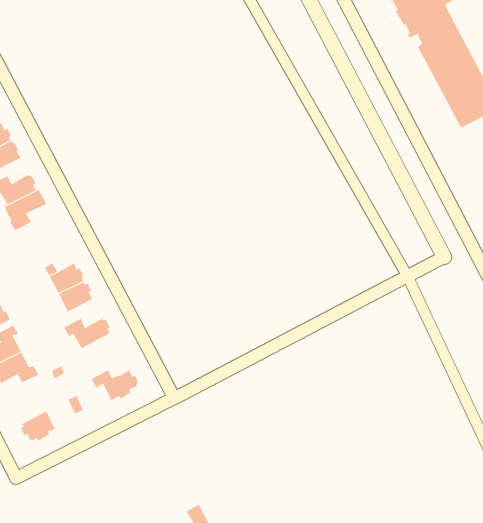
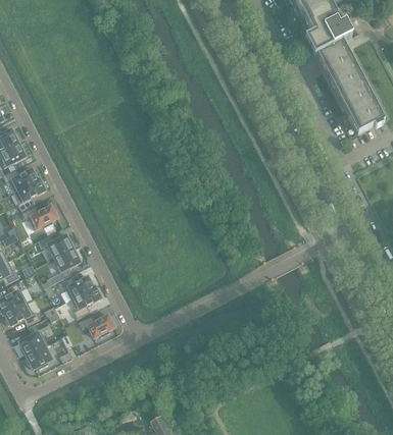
building: none -> [21,205,58,228]
building: none -> [70,285,100,318]
building: none -> [18,330,47,355]

